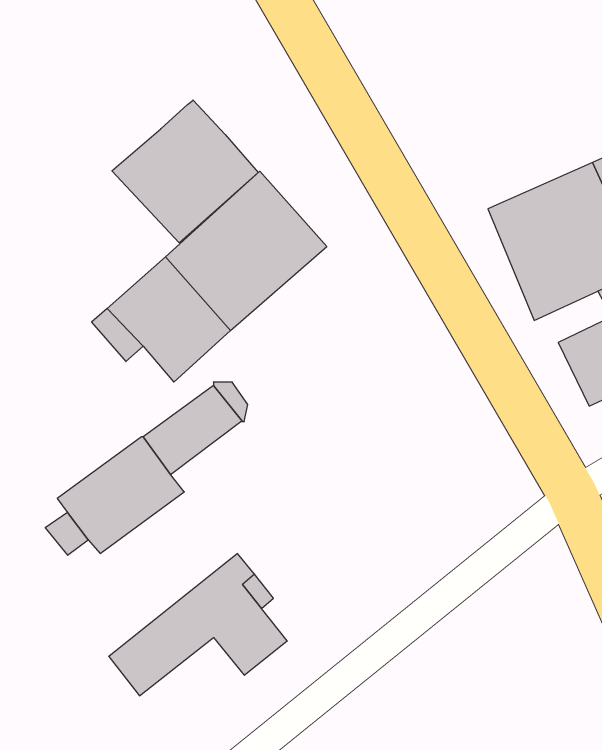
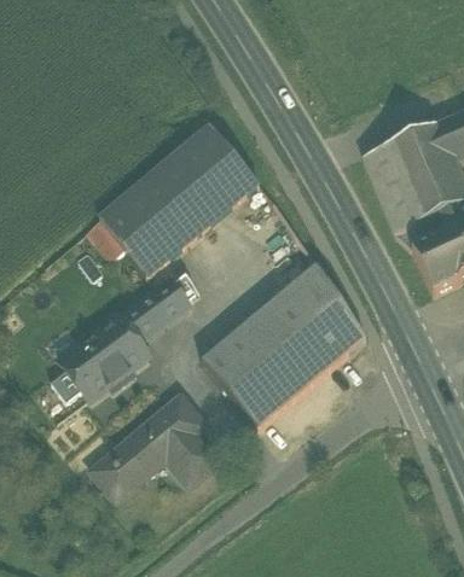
building: [112,100,258,243] -> none
building: none -> [202,256,366,429]

